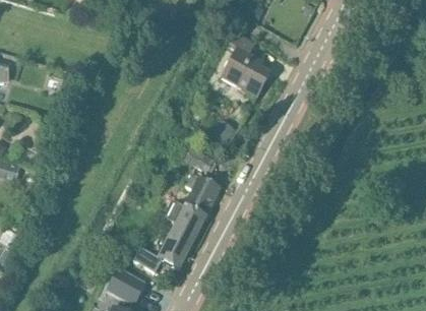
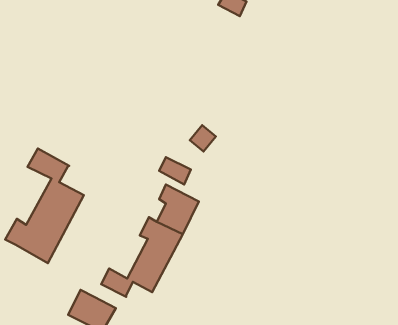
building: [218,33,268,99] -> none
building: none -> [5,149,84,263]

